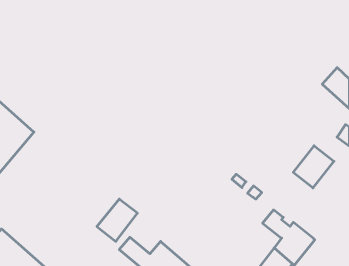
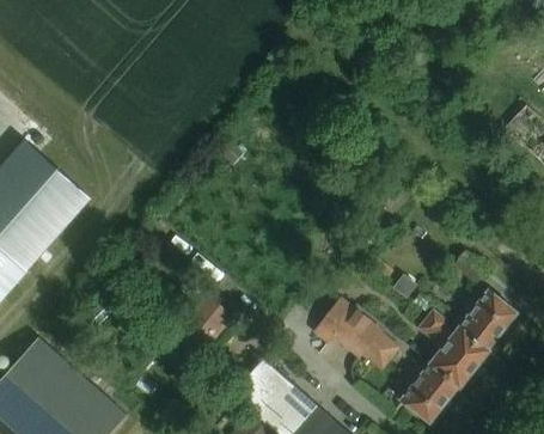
building: [293,146,334,188] -> [459,289,518,350]
building: none -> [312,298,402,373]

